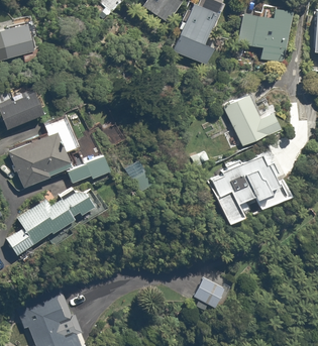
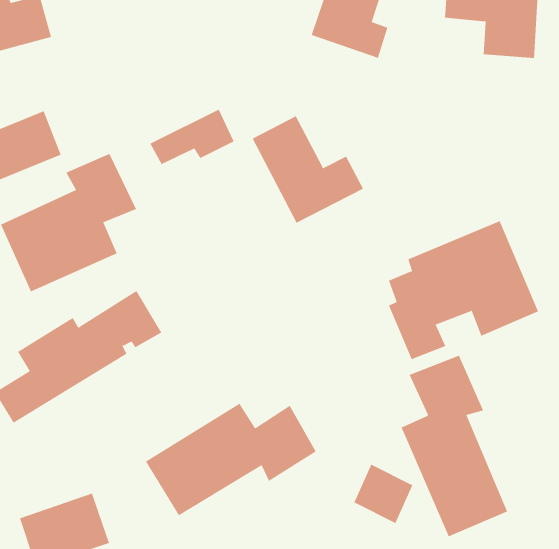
building: [222,91,281,147] -> [252,115,364,224]
building: [69,154,113,184] -> [149,109,234,165]
building: none -> [401,355,508,537]
building: none -> [145,403,317,516]

